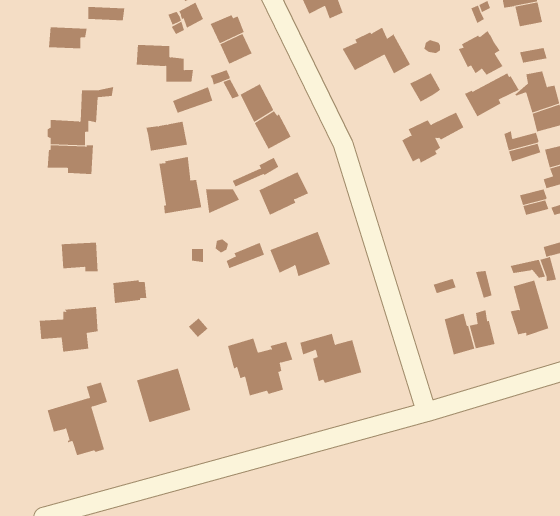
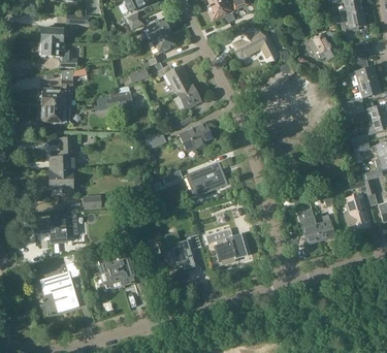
building: [136,44,194,82] -> [39,41,77,66]
building: [464,72,520,117] -> none
building: [159,156,202,214] -> none
building: none -> [50,137,74,170]

